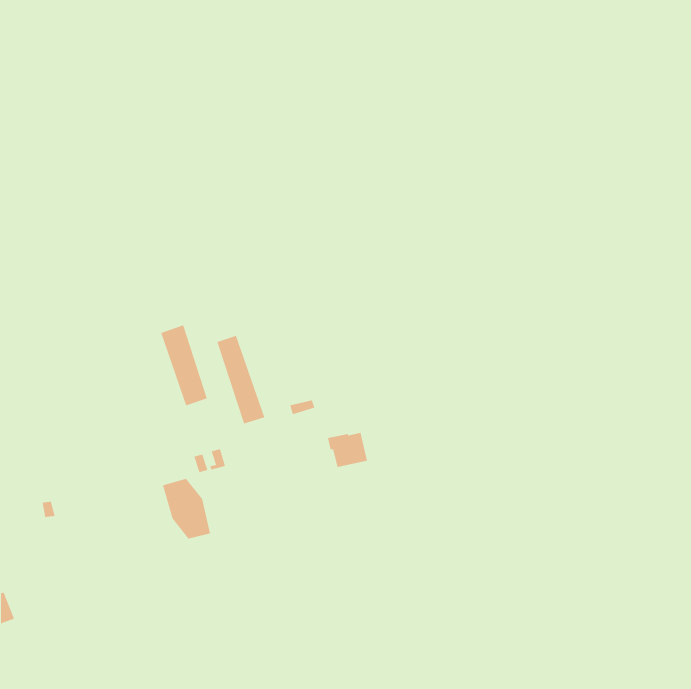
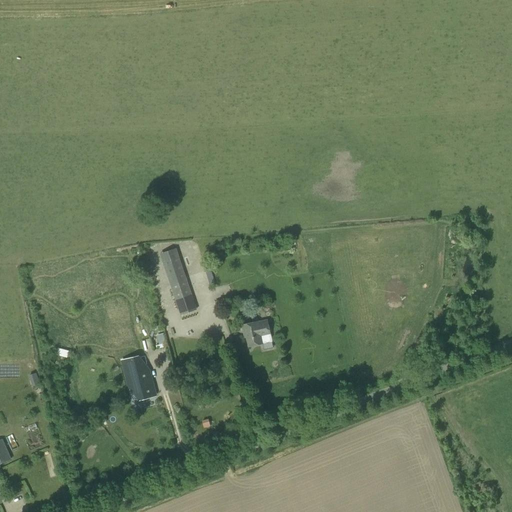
building: [161,324,208,406] -> none

